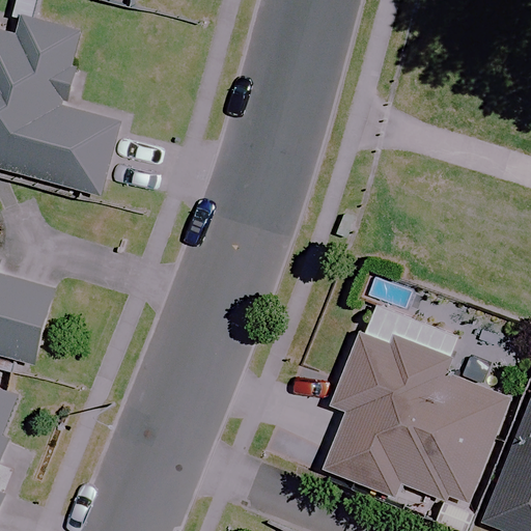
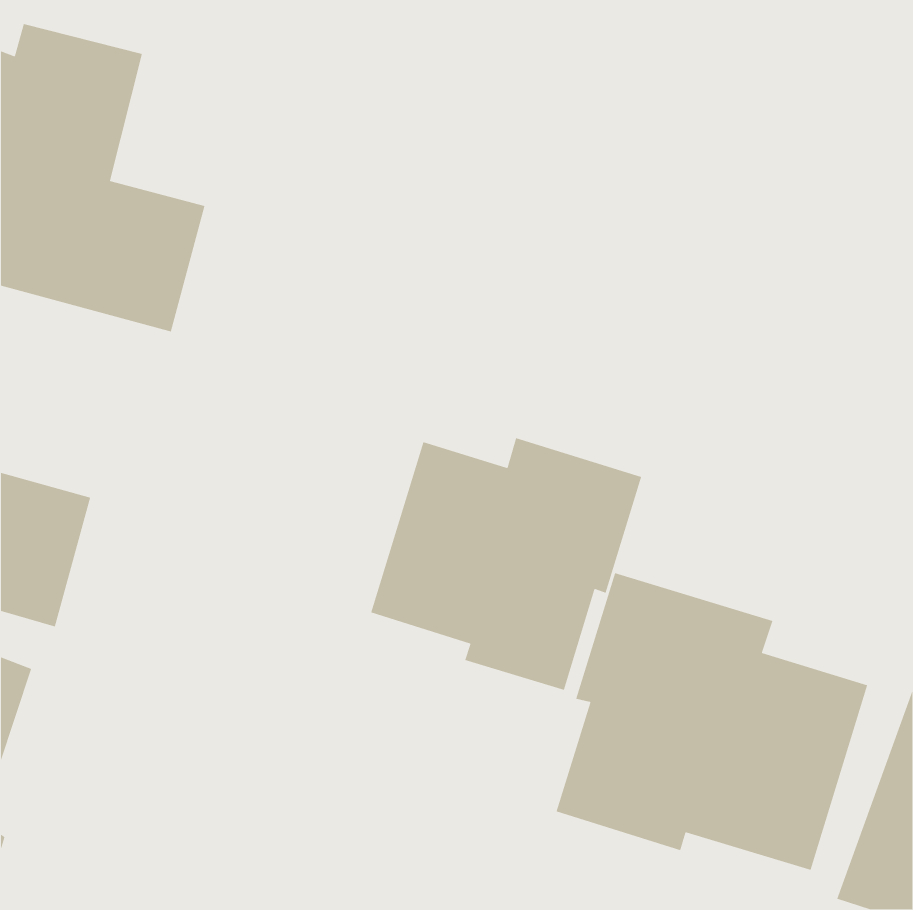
building: none -> [370,437,642,691]

